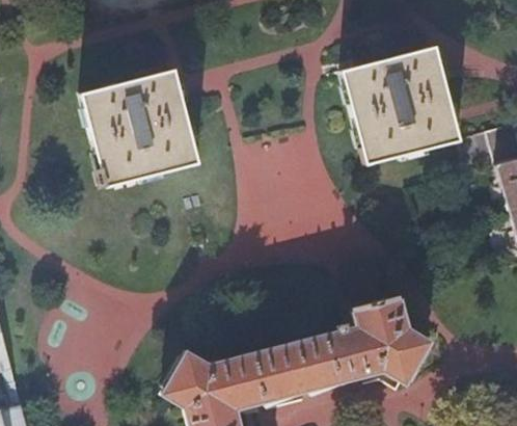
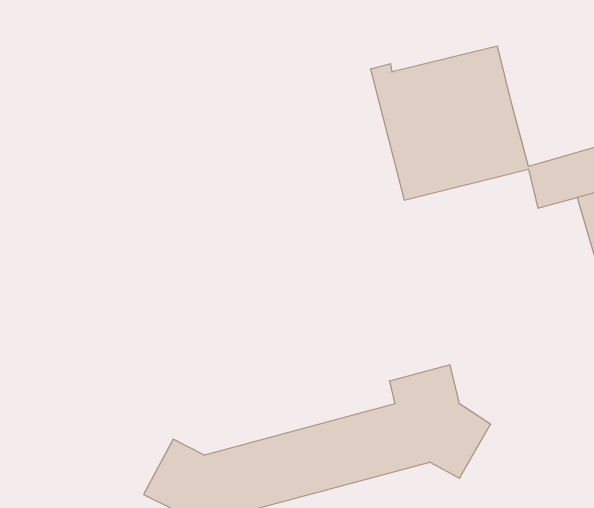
building: [78,74,196,194] -> none

